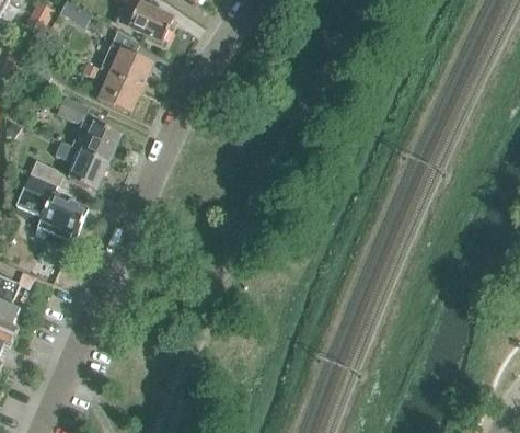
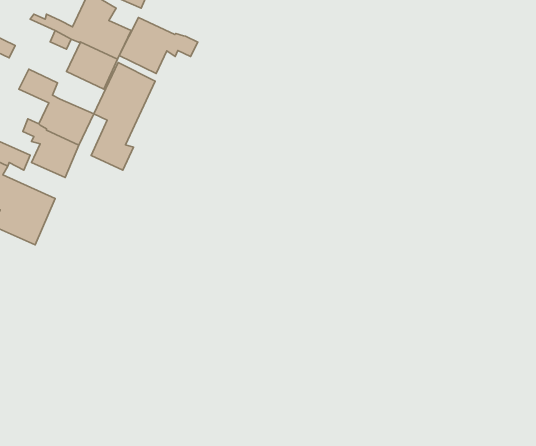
building: none -> [119,17,198,74]
building: none -> [91,63,155,170]

